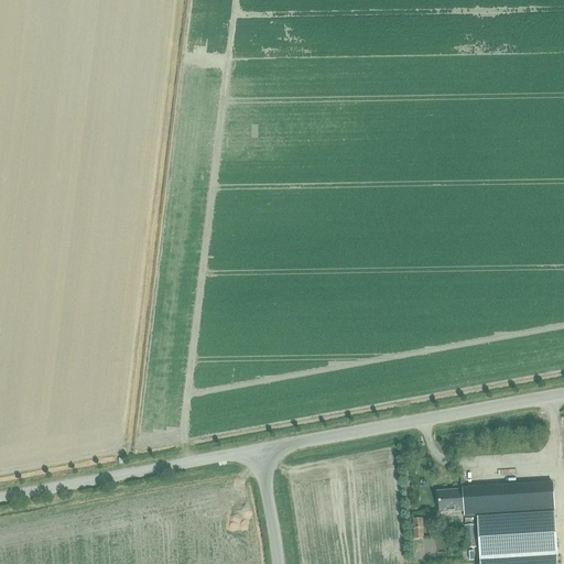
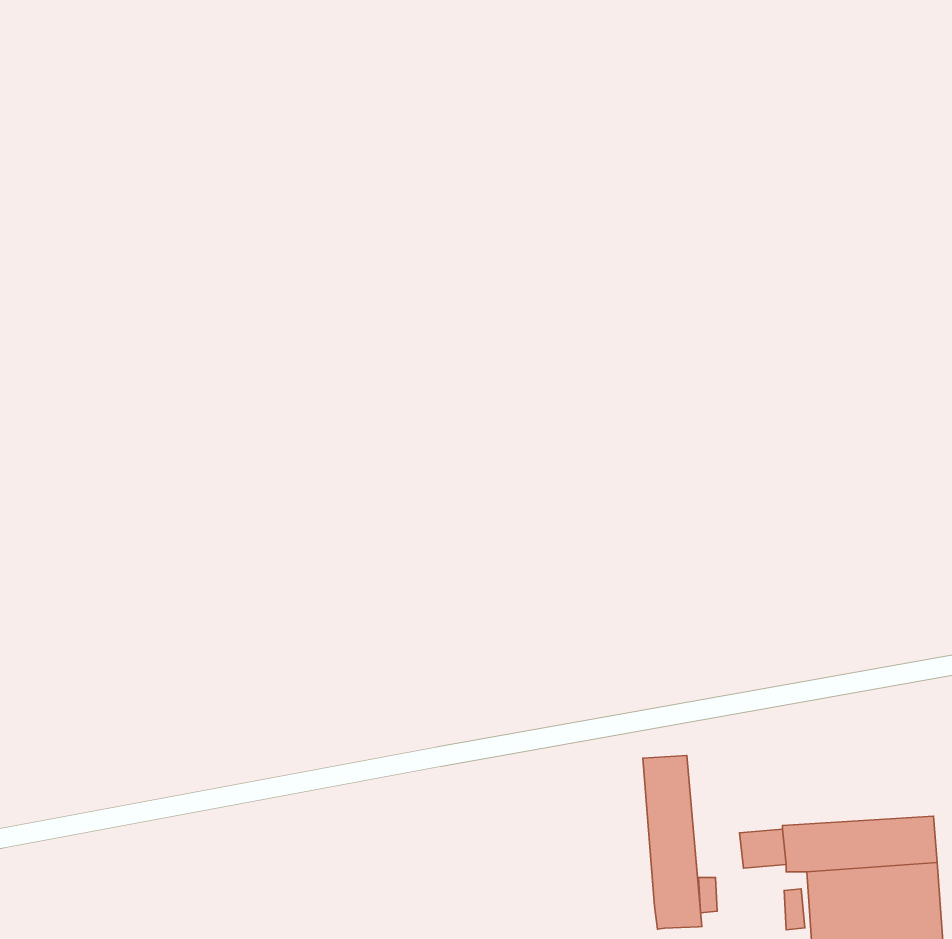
building: none -> [643,755,702,929]

